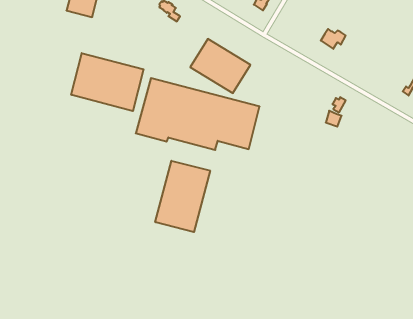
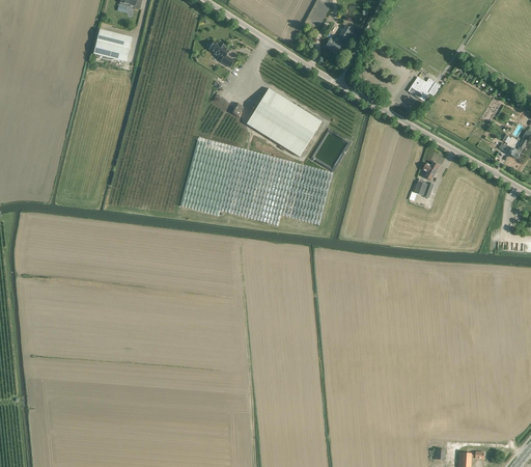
building: [71,53,144,111] -> none
building: [155,161,210,232] -> none

